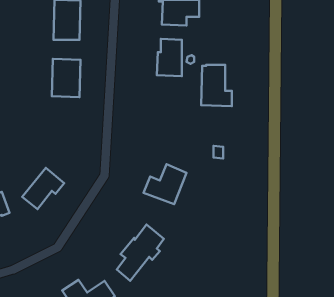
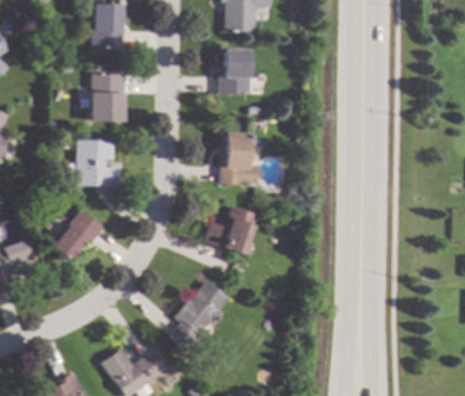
building: [201,65,232,106] -> [219,132,258,184]
building: none -> [75,140,118,187]

